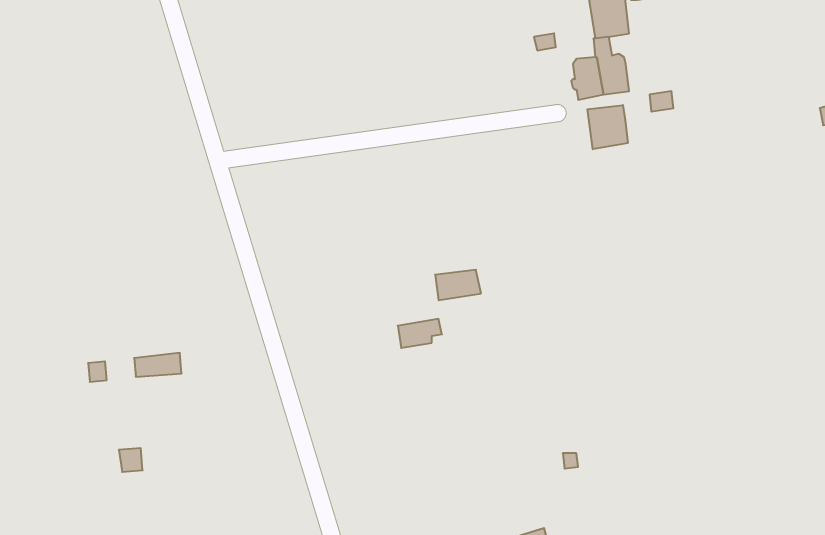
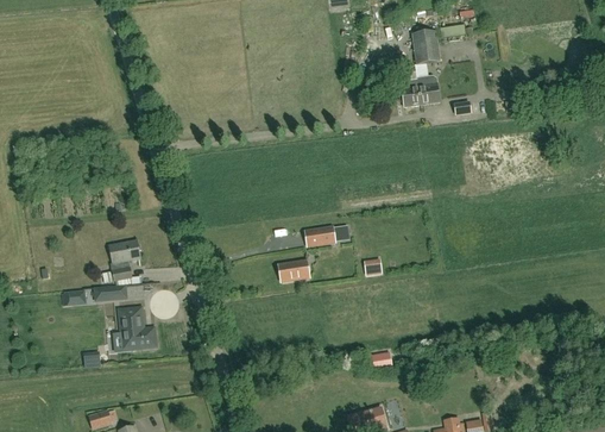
building: [587,105,628,149] -> none
building: none -> [102,240,140,282]
building: none -> [120,308,155,349]

